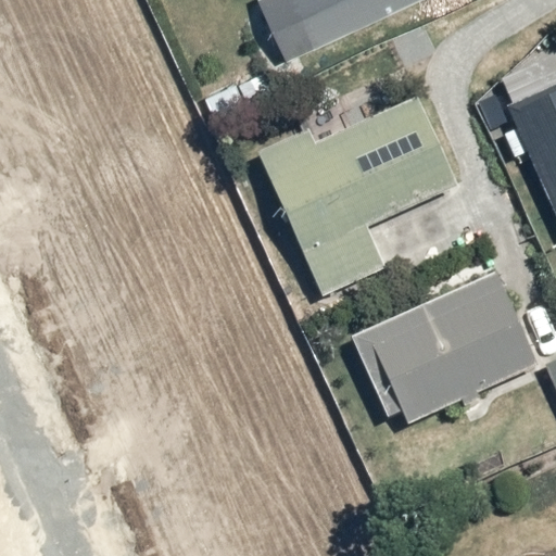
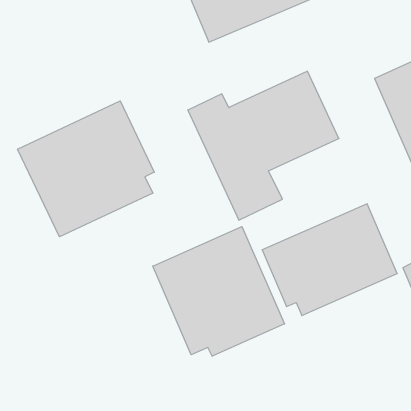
building: none -> [18,101,154,237]
building: none -> [153,227,285,356]

